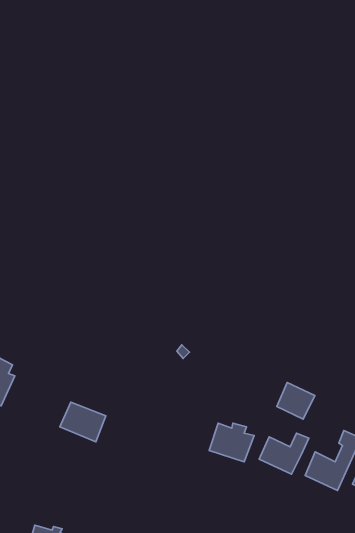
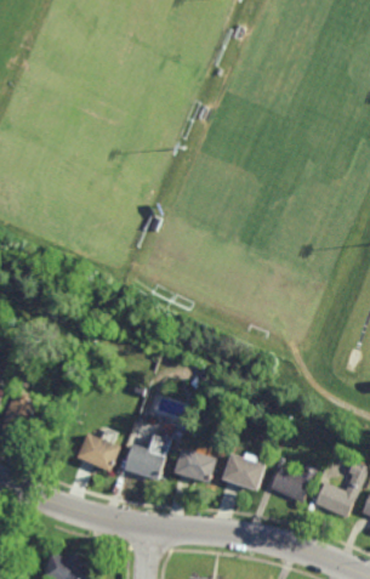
building: [277,383,315,419] -> none
building: none -> [123,435,169,481]
building: none -> [173,444,215,483]

